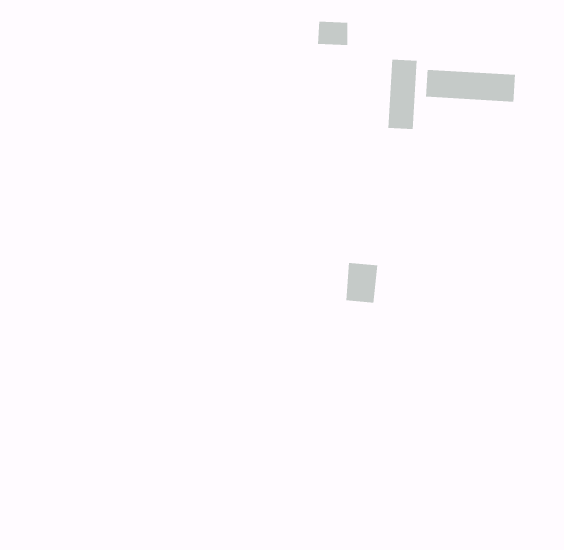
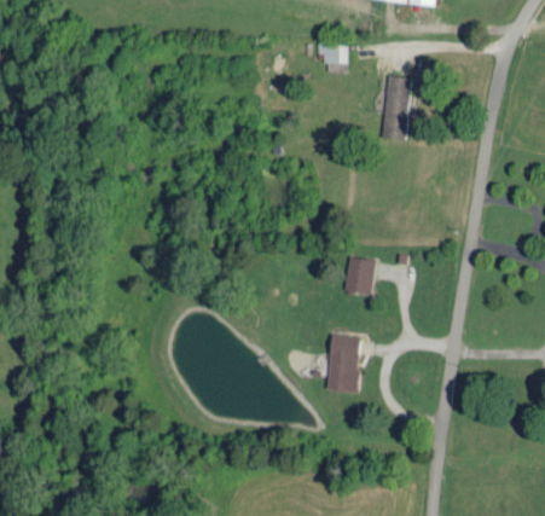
building: [425,69,516,102] -> none
building: none -> [326,334,361,392]

